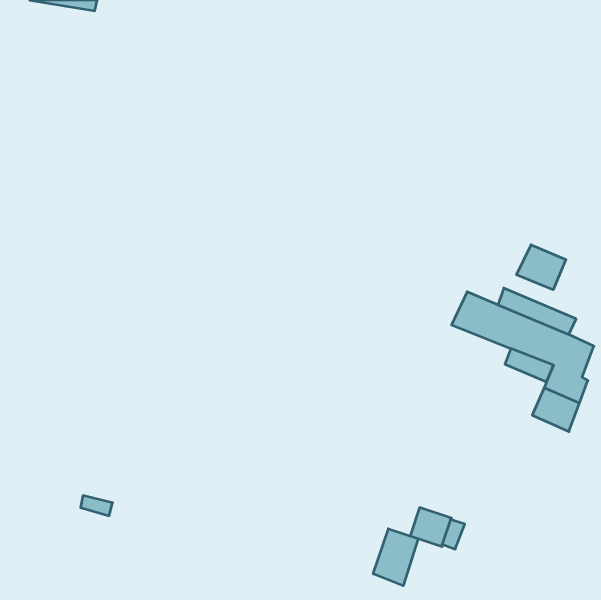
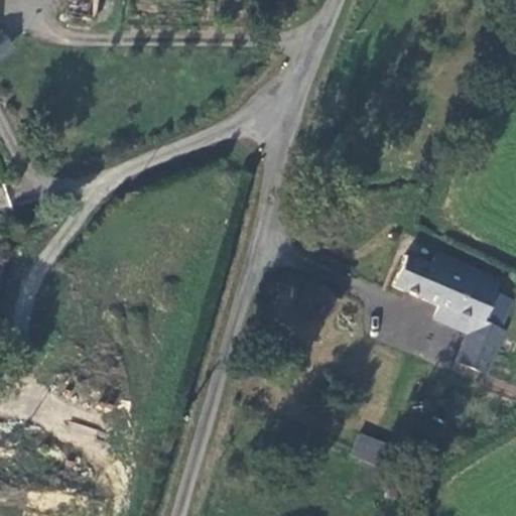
building: [517,245,566,290] -> none
building: [373,529,418,586] -> none

